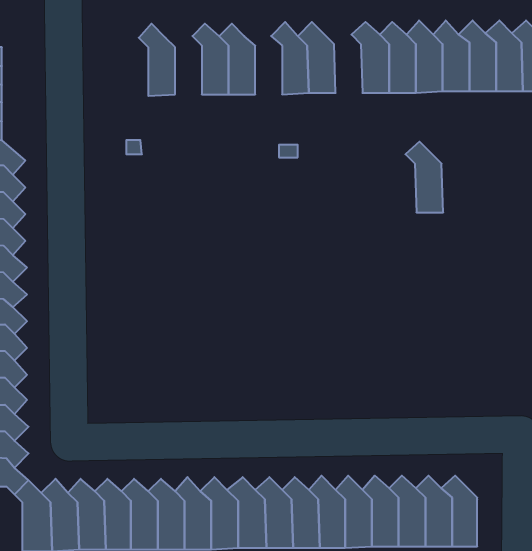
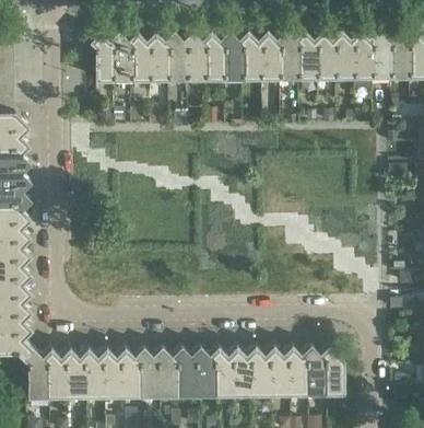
building: none -> [89,33,115,83]
building: none -> [127,33,152,82]
building: none -> [181,33,208,82]
building: [405,142,443,212] -> [237,32,263,81]

